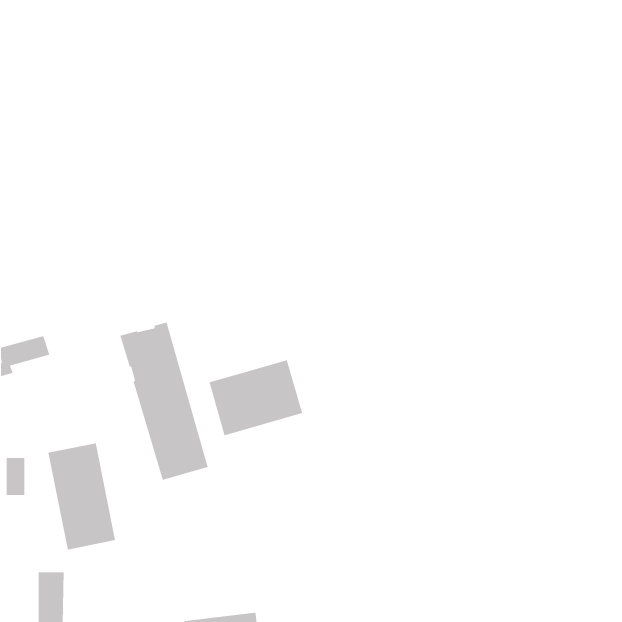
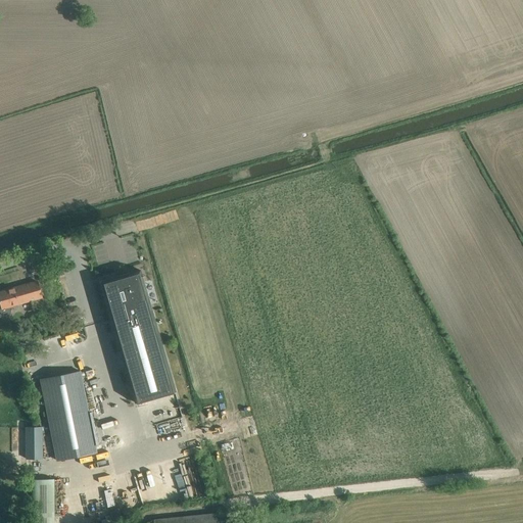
building: [209,359,303,436] -> none
building: [6,458,25,495] -> [27,428,43,460]

